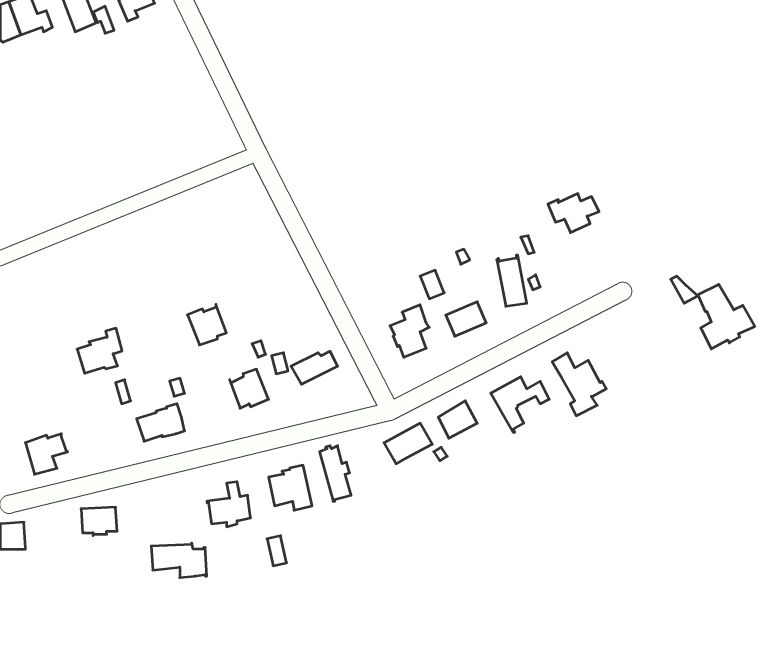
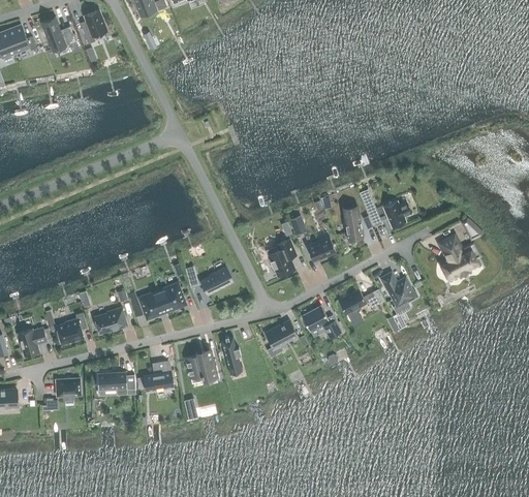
building: [548,194,599,233] -> [376,200,411,227]
building: [698,284,755,349] -> [439,236,478,280]
building: [187,304,226,345] -> [138,290,165,318]
building: [77,328,122,373] -> [56,312,87,343]
building: [151,543,207,578] -> [97,371,135,395]

